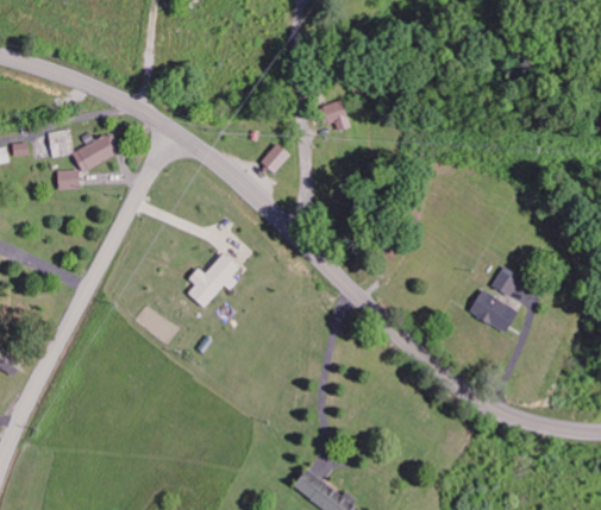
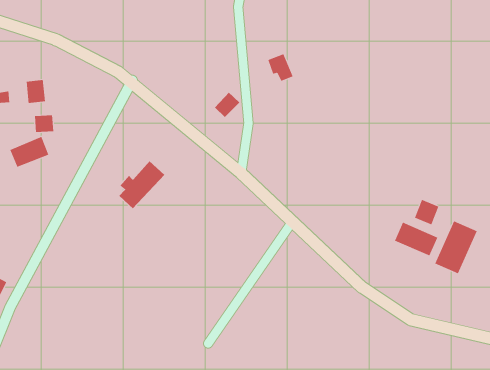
building: [71,134,117,170] -> [9,136,49,167]
building: [187,251,240,307] -> [118,160,165,209]
building: none -> [435,220,478,274]

